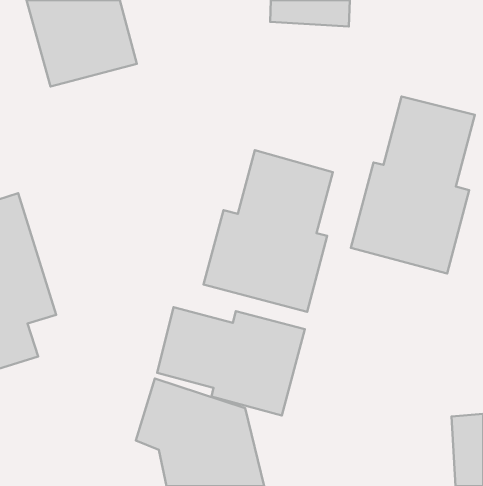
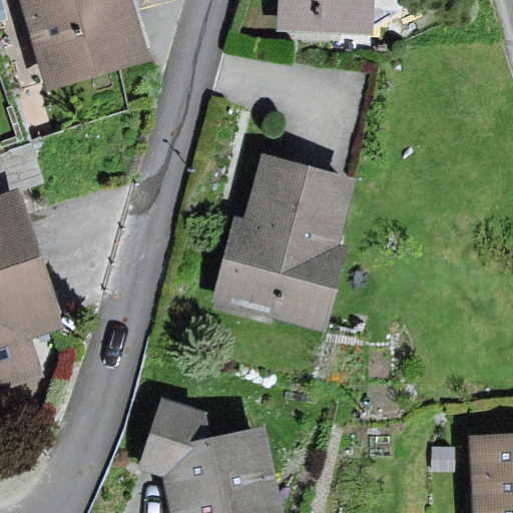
building: [351,97,475,273] -> none
building: [157,307,305,415] -> none

